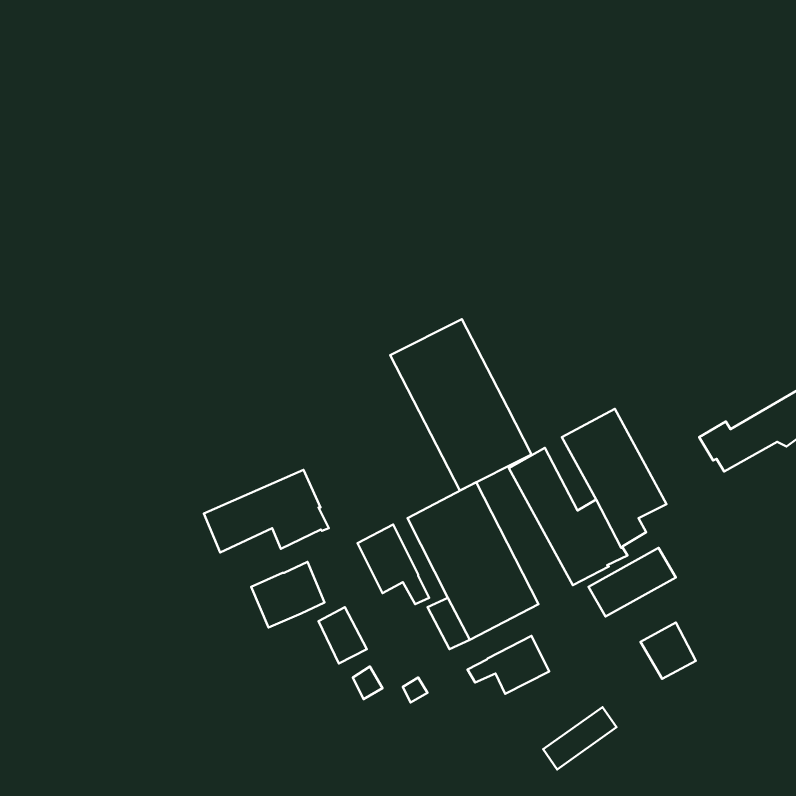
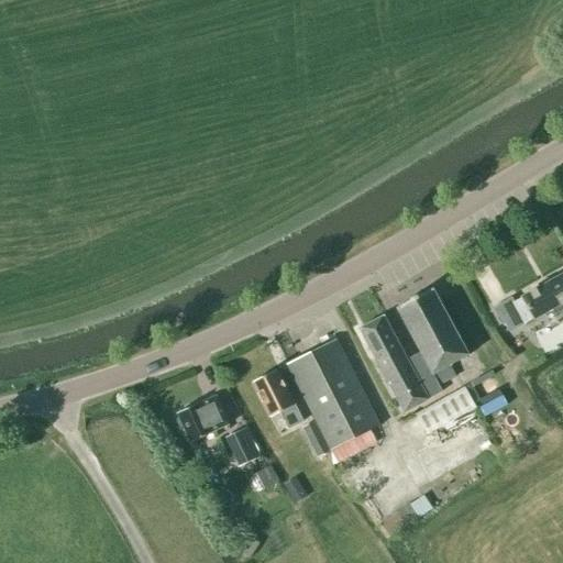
building: [390,319,531,490] -> none
building: [204,470,329,552] -> none
building: [641,622,696,679] -> none
building: [468,636,549,694] -> none

